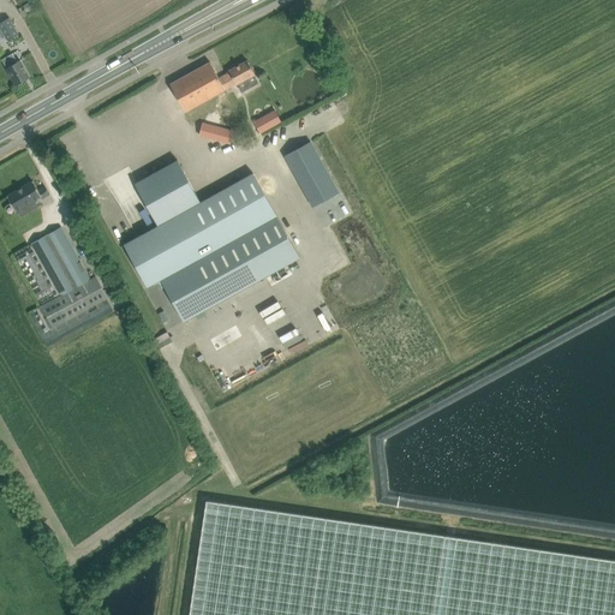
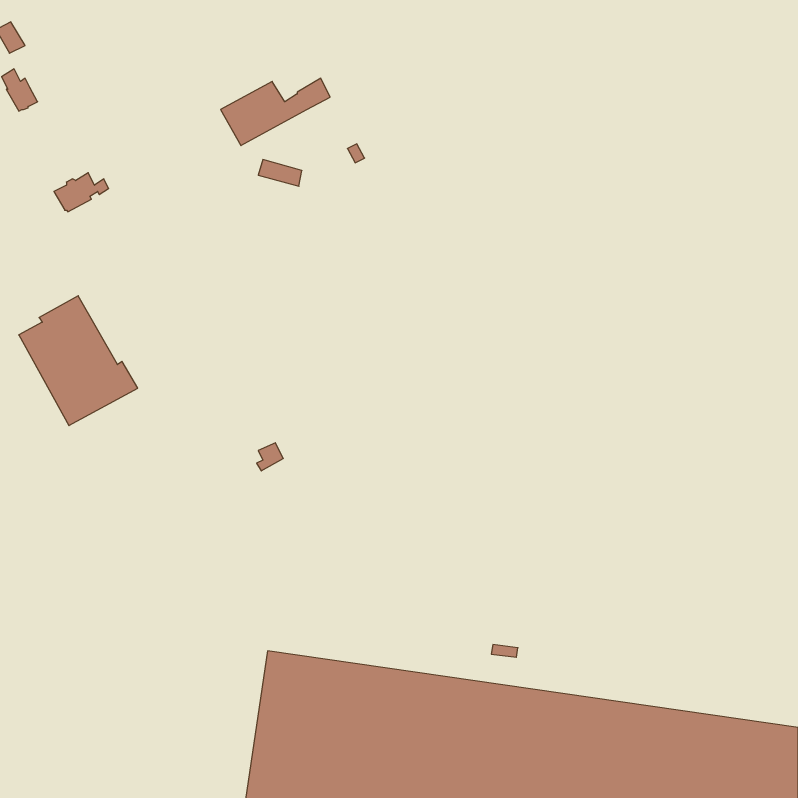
building: [282,142,339,199] -> none
building: [123,161,299,322] -> none
building: [6,183,48,213] -> [54,173,109,212]

